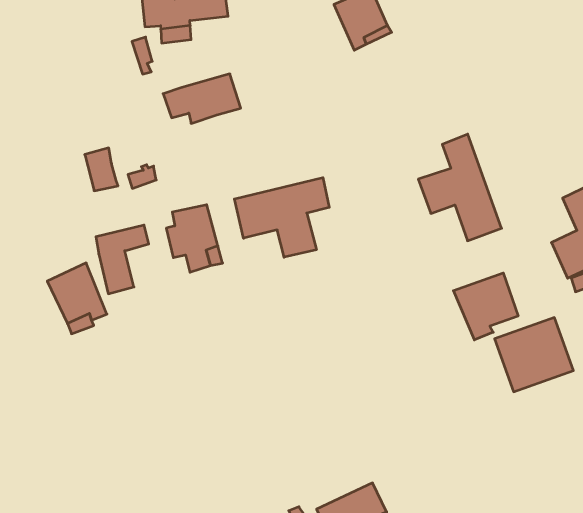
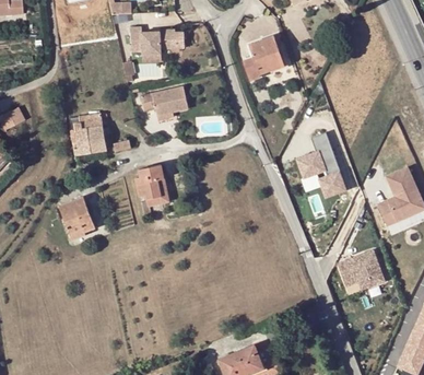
building: [234,178,329,257] -> none
building: [96,225,149,294] -> [70,114,103,155]
building: [453,273,518,340] -> none

